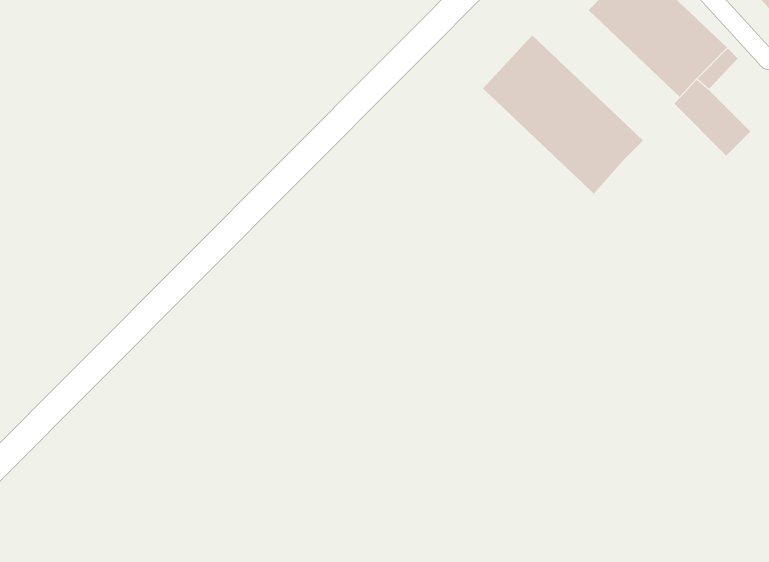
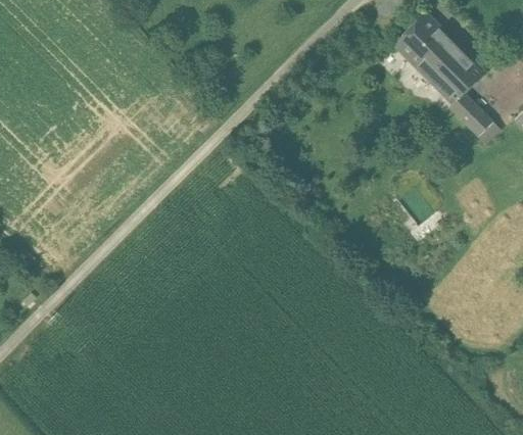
building: [482,35,644,194] -> none

